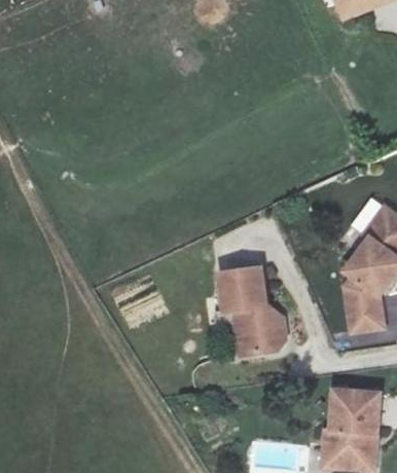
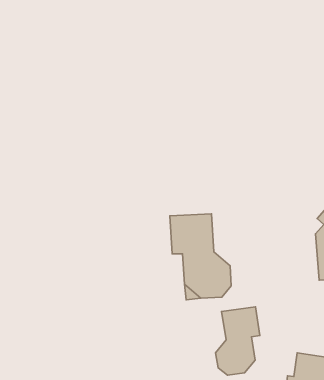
building: none -> [215,307,260,375]

